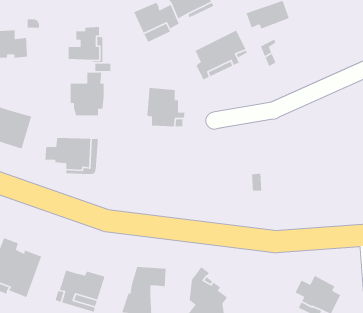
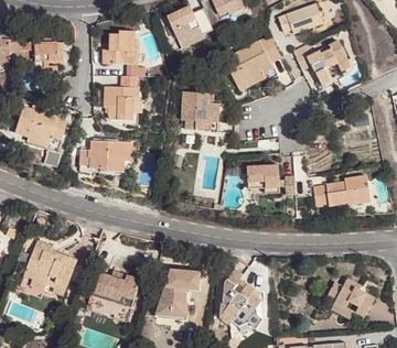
building: none -> [308,41,348,86]
building: none -> [247,165,280,188]
building: none -> [313,175,372,208]

